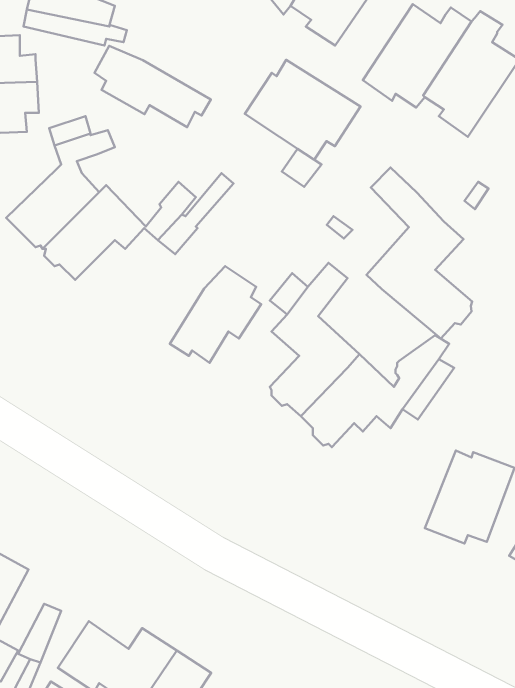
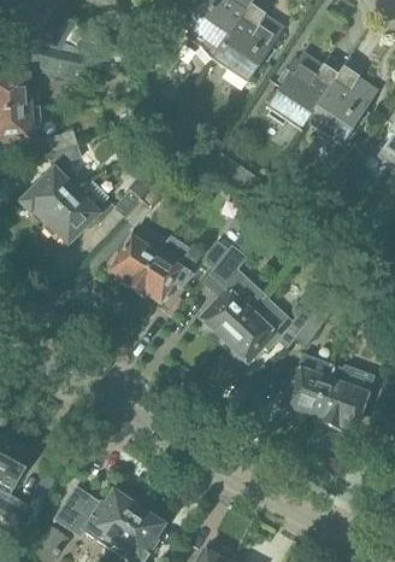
building: [95,46,211,127] -> none
building: [245,60,360,160] -> none
building: [367,168,472,339] -> none
building: none -> [108,235,155,289]
building: none -> [282,355,331,418]

